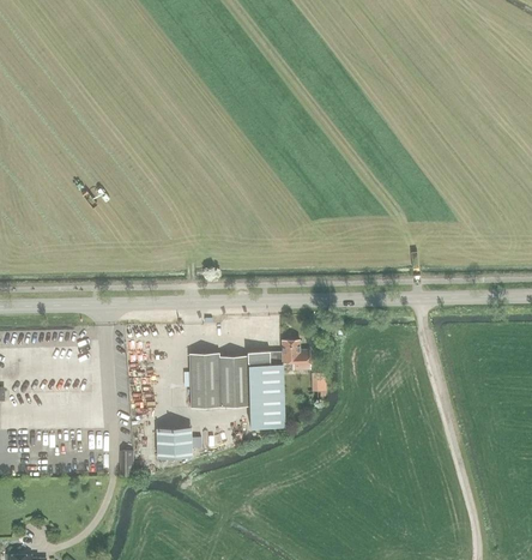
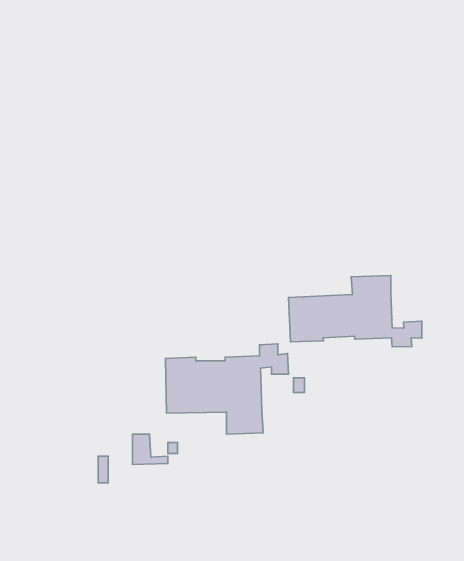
building: none -> [288,276,422,347]

